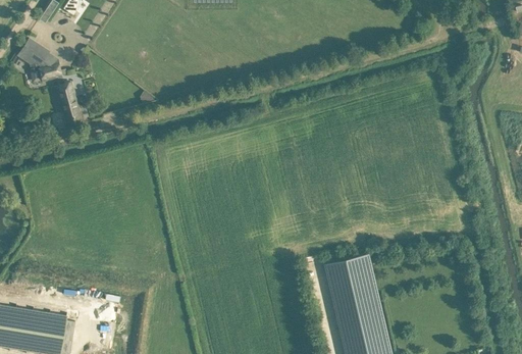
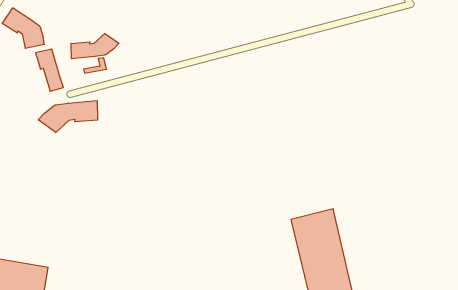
building: none -> [71,33,119,59]
building: none -> [38,101,98,133]

